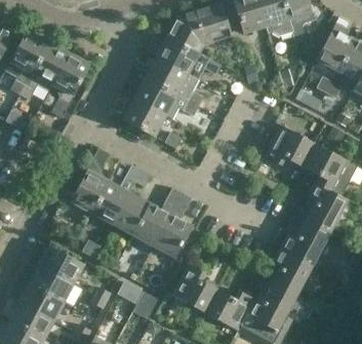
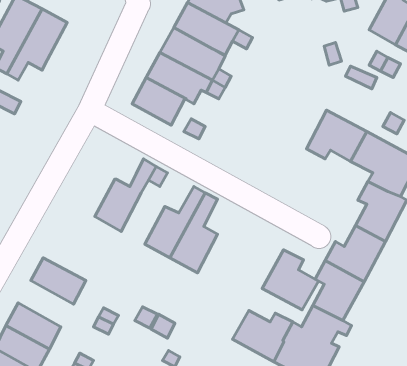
building: [50,52,91,117] -> none
building: [70,147,110,212] -> none
building: [113,192,149,234] -> none
building: [171,263,217,312] -> [262,250,319,310]
building: [29,264,74,302] -> none

